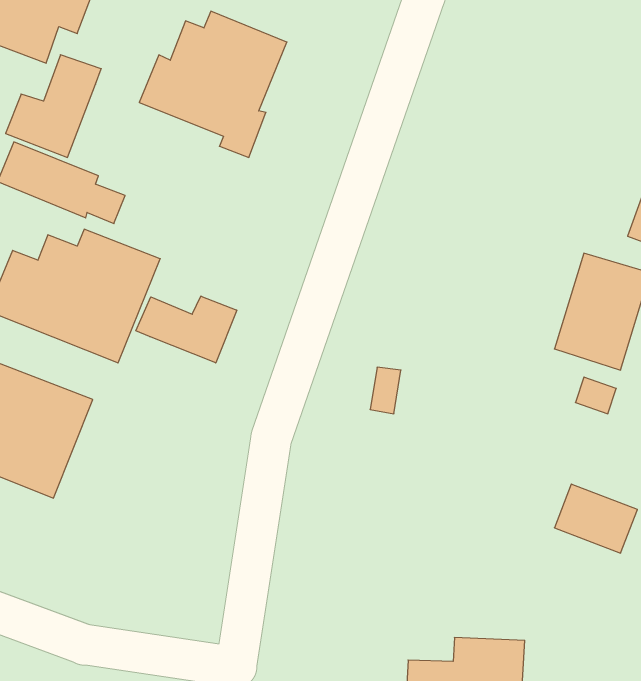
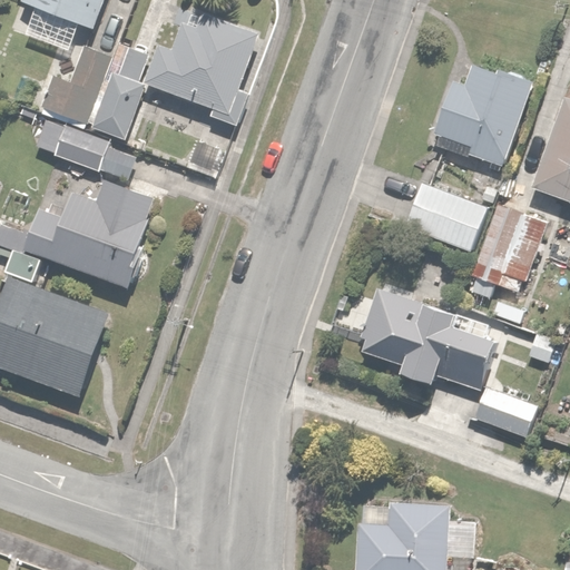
building: none -> [87,48,148,140]
building: none -> [435,62,532,157]
building: none -> [404,180,490,254]
building: [136,296,237,363] -> none
building: none -> [355,289,499,390]

